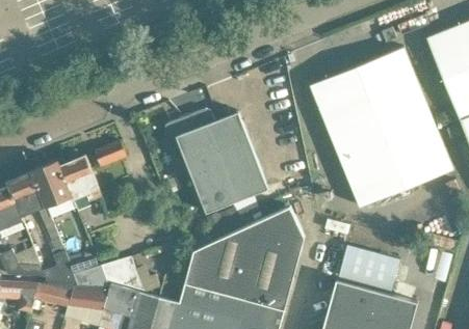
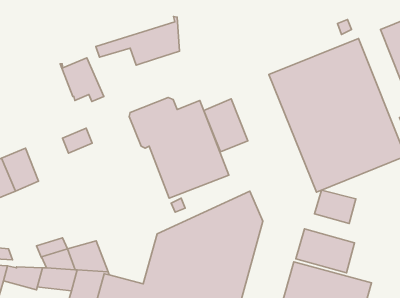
building: none -> [96,16,180,65]
building: none -> [204,99,248,152]
building: [56,156,102,201] -> [60,58,104,102]
building: none -> [315,190,356,224]
building: [43,248,78,286] -> none

